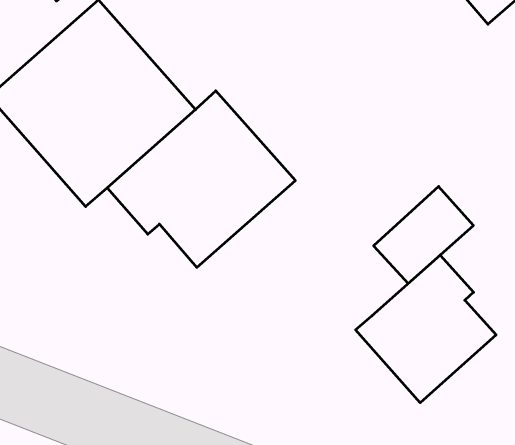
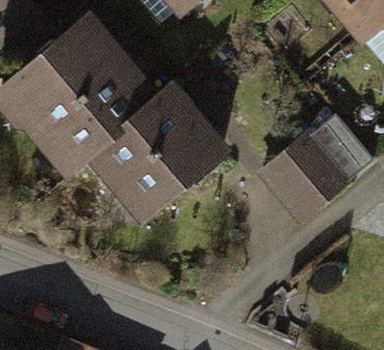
building: [356,255,496,403] -> none

